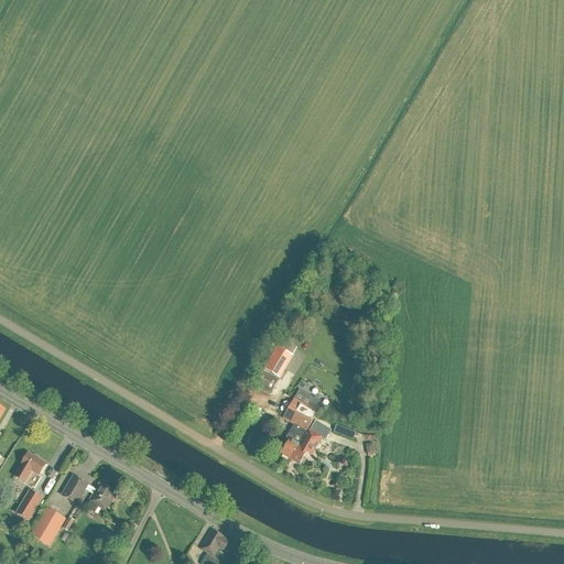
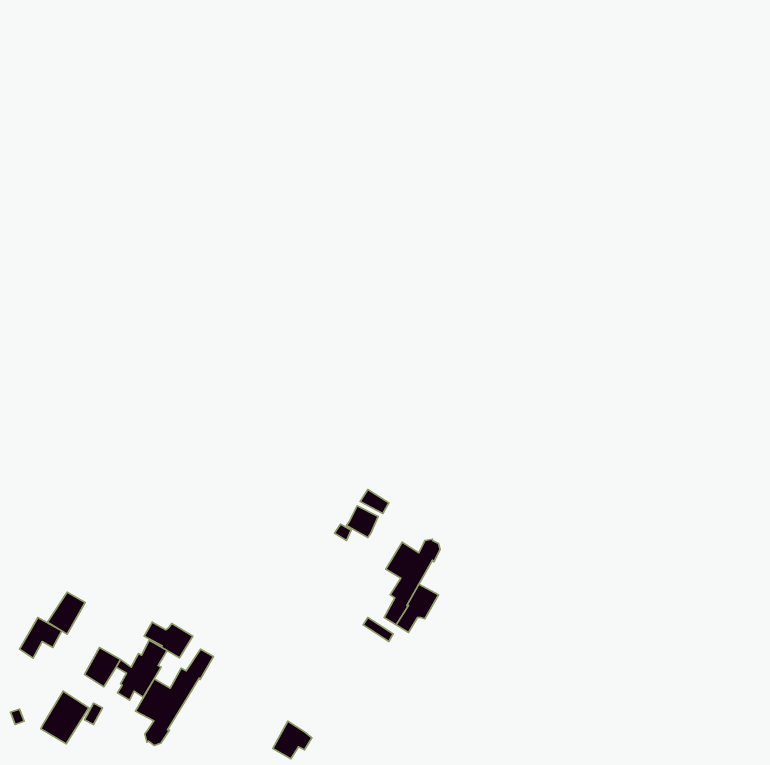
building: none -> [144,622,193,658]
building: none -> [136,649,213,745]
building: [14,489,42,520] -> [47,592,85,634]

